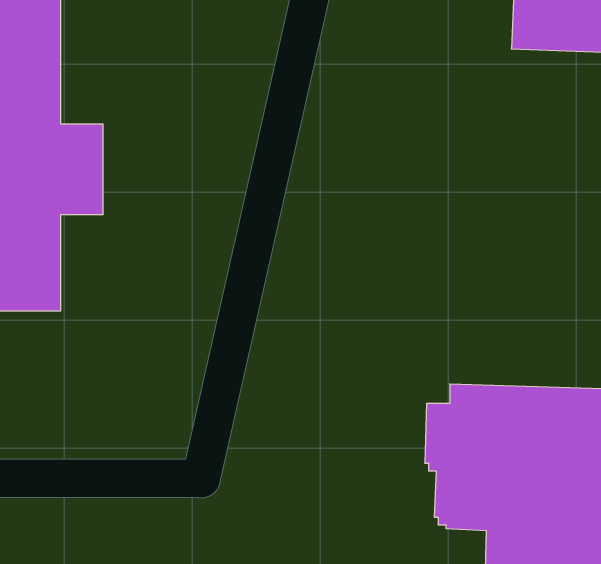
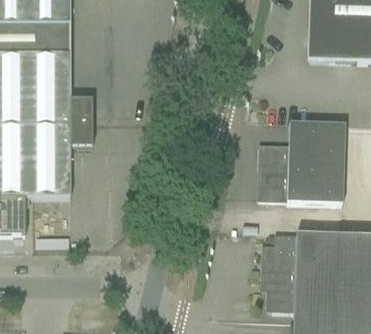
building: none -> [258,119,345,201]

